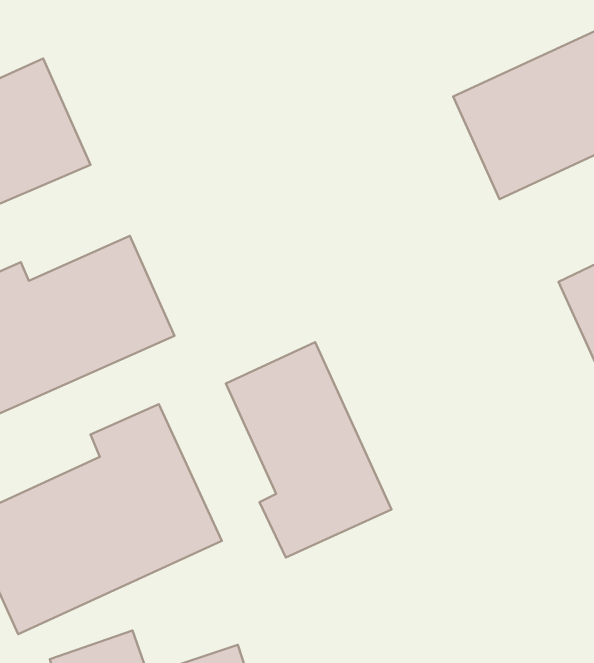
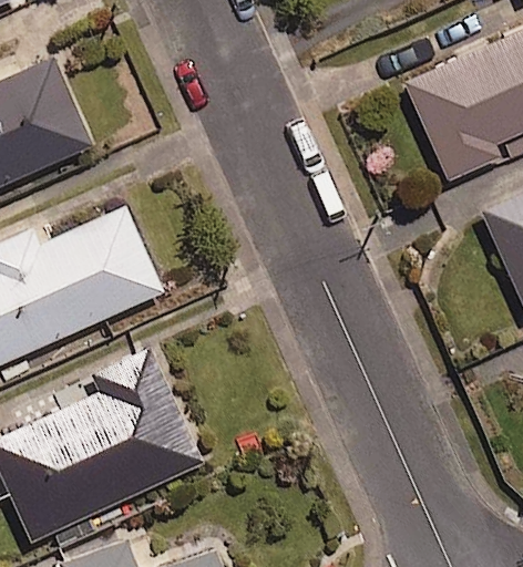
building: [226,342,392,558] -> none

